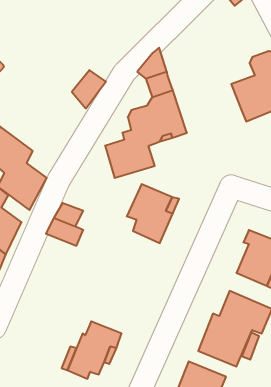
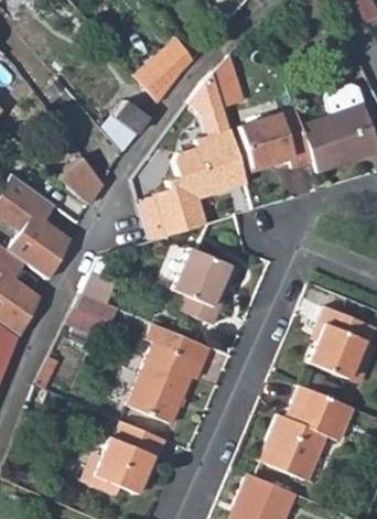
building: none -> [132,39,192,101]
building: none -> [212,60,244,111]
building: none -> [240,106,317,172]
building: none -> [54,156,101,205]
building: none -> [127,322,211,422]

